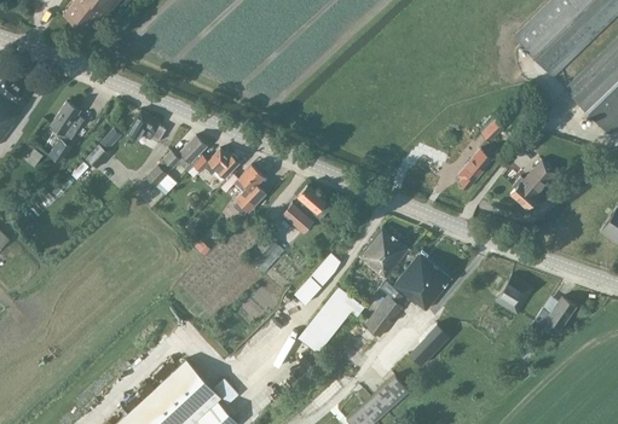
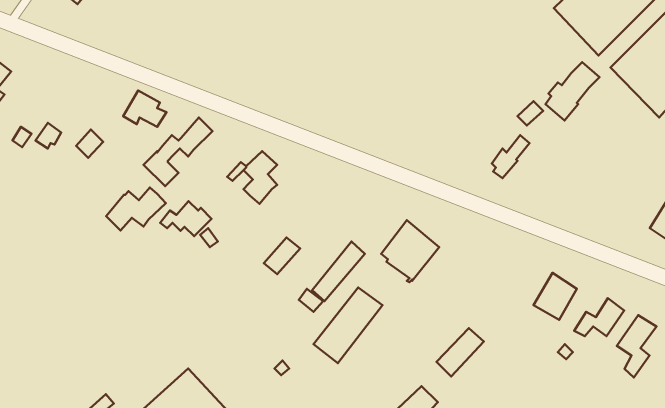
building: [50,101,83,140] -> none
building: [194,149,239,180] -> [160,201,212,236]
building: [509,159,558,211] -> [546,62,600,120]
building: [282,186,325,233] -> none
building: none -> [106,188,166,230]
building: [363,252,451,338] -> none
building: none -> [617,315,656,378]

